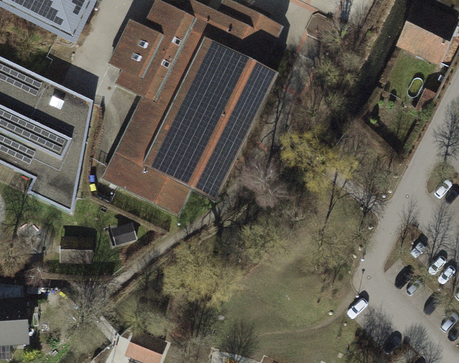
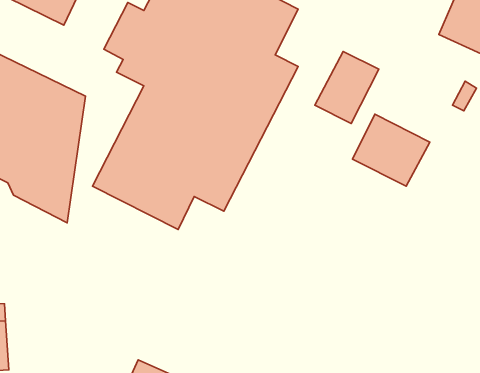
building: none -> [315,52,379,124]
building: none -> [352,114,430,186]

